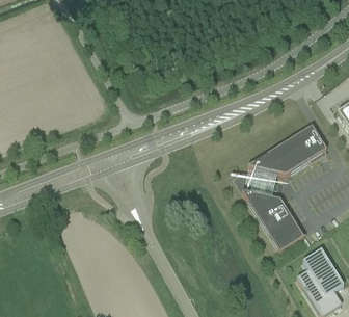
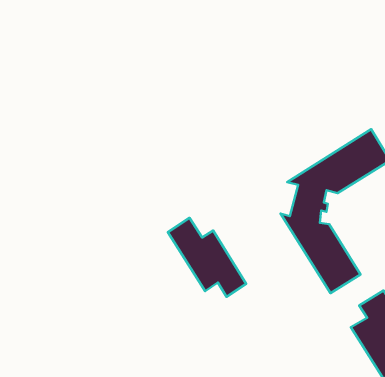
building: none -> [168,218,246,297]

